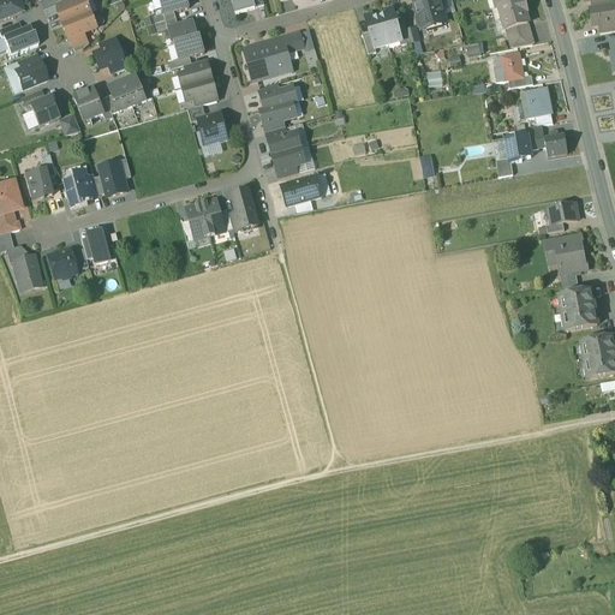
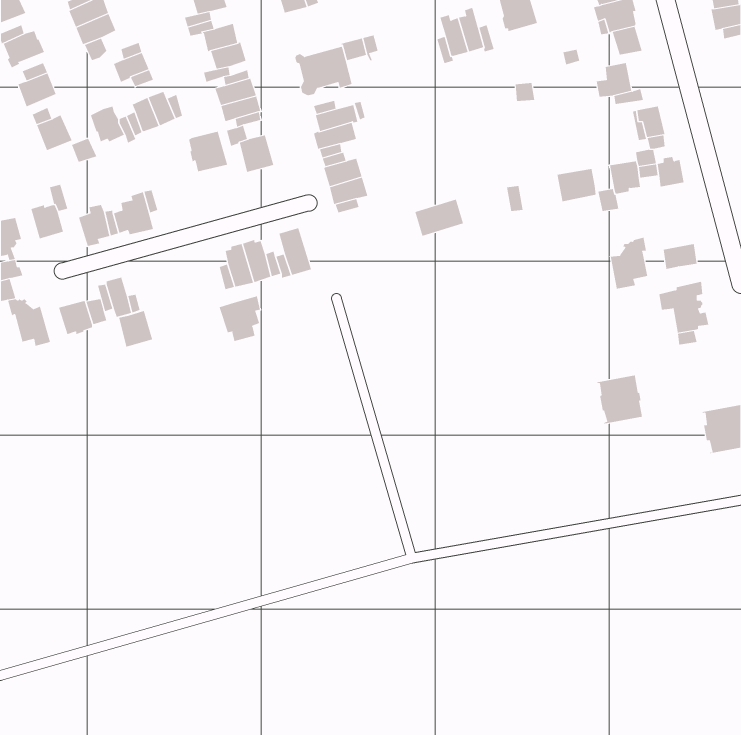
building: none -> [189,130,228,172]
building: none -> [557,168,596,202]
building: [281,174,322,205] -> [415,199,464,236]
building: none -> [610,237,648,289]
building: none -> [219,295,261,342]
building: none -> [119,310,153,348]
building: [559,288,597,329] -> [596,375,643,424]

